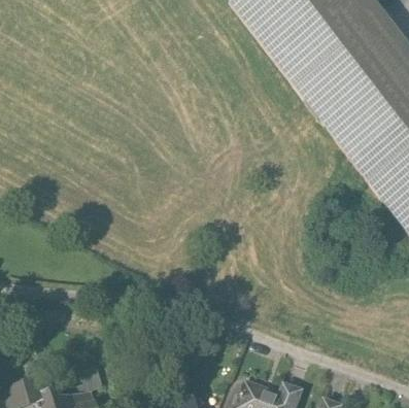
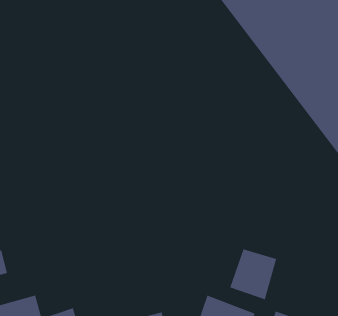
building: none -> [229,248,277,300]

